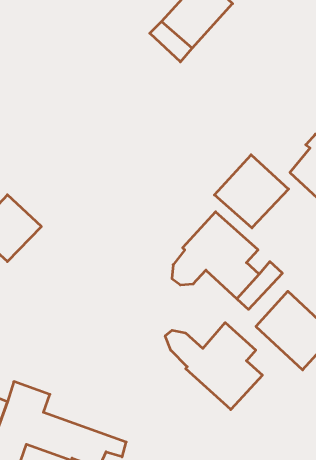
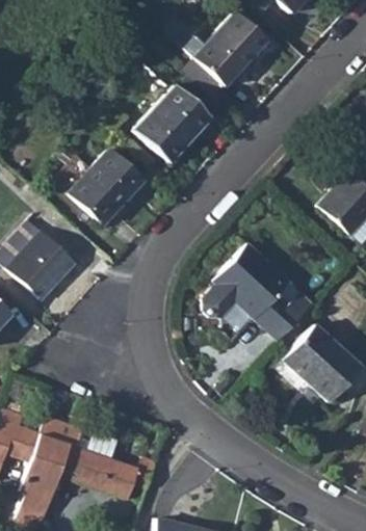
building: none -> [132,85,207,161]
building: none -> [70,150,141,223]
building: [214,155,289,228] -> none
building: [165,323,262,410] -> none

